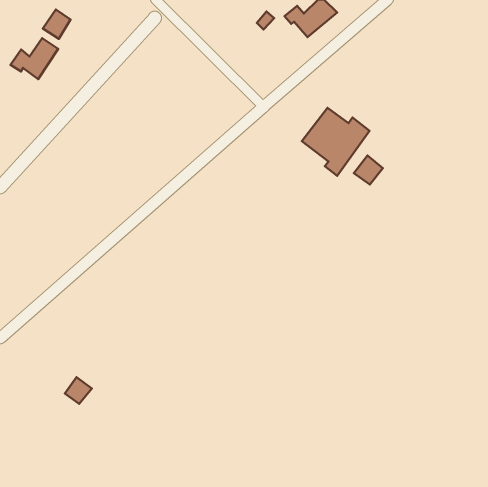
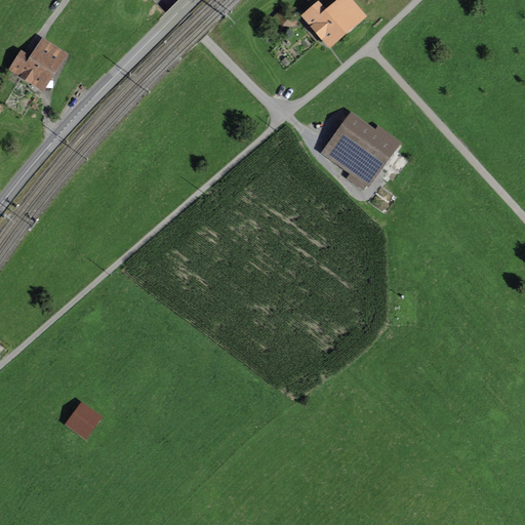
building: [43,10,71,39] -> none
building: [354,156,383,184] -> none

